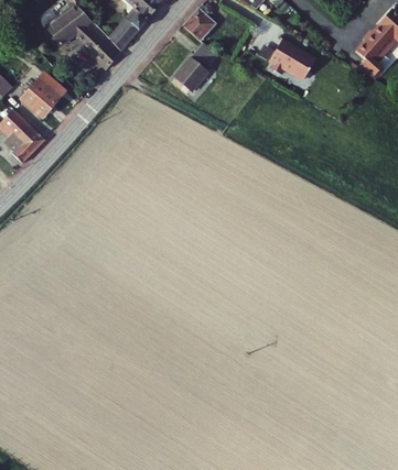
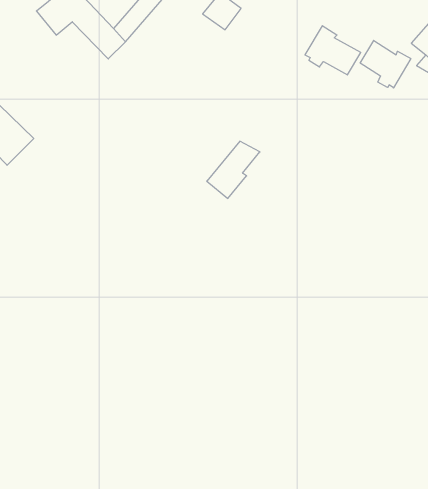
building: [176,46,220,94] -> [207,141,260,198]
building: none -> [360,40,411,88]
building: [20,73,58,112] -> none

